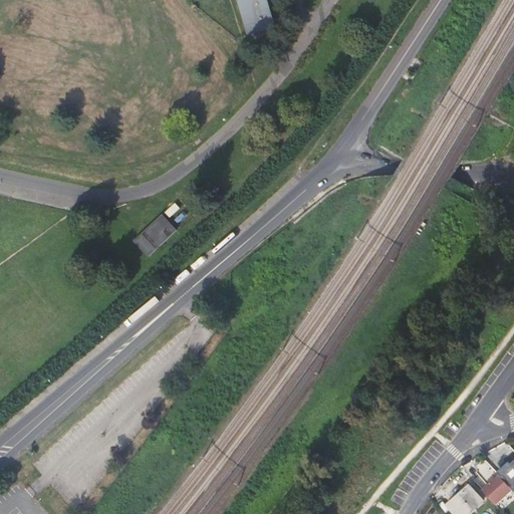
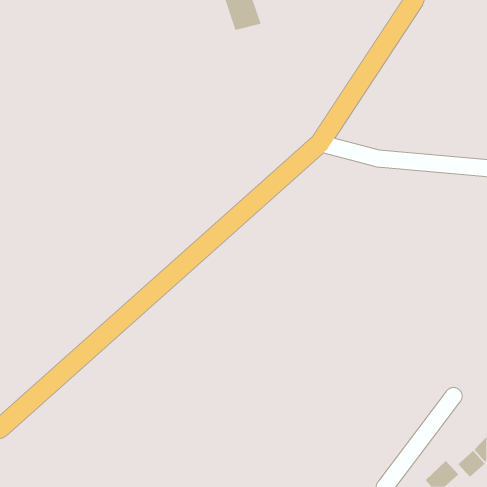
building: [135,215,176,255] -> none

